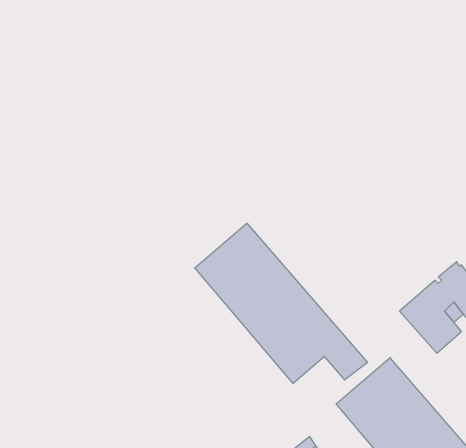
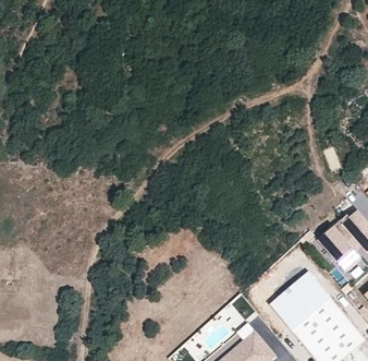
building: [195,223,368,383] -> none

